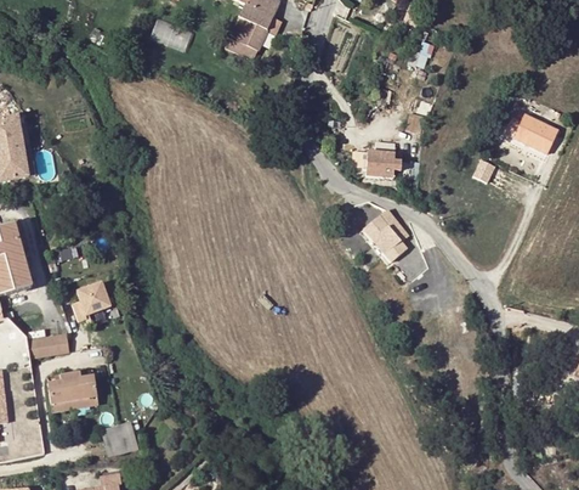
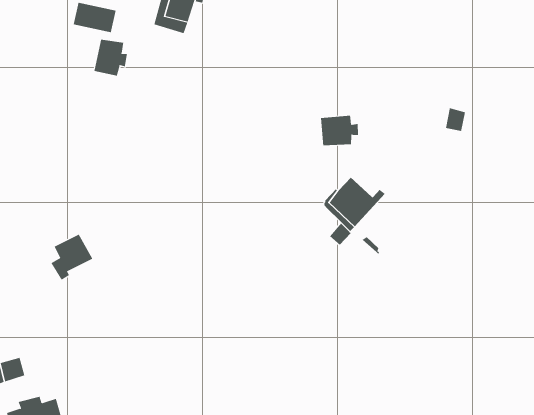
building: none -> [94,39,127,77]
building: [512,114,557,153] -> none
building: [72,282,110,322] -> [51,234,93,280]

